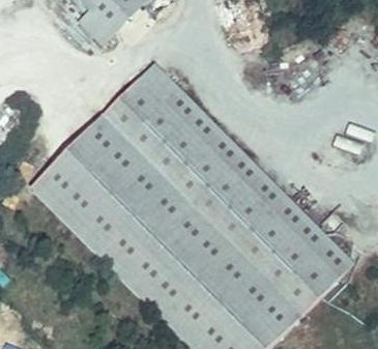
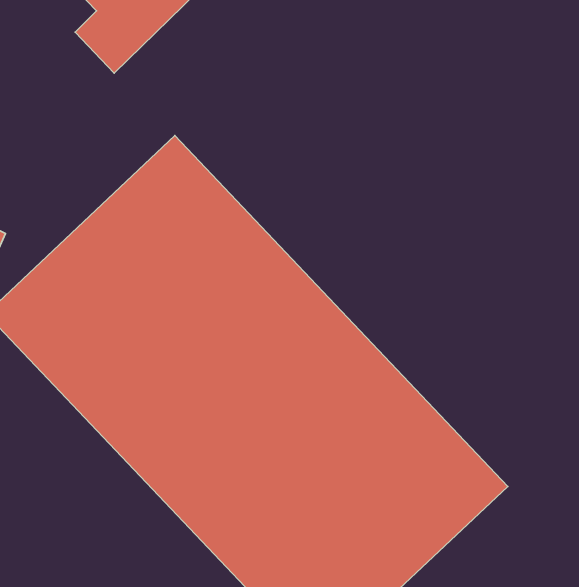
building: [139,64,348,284] -> none

